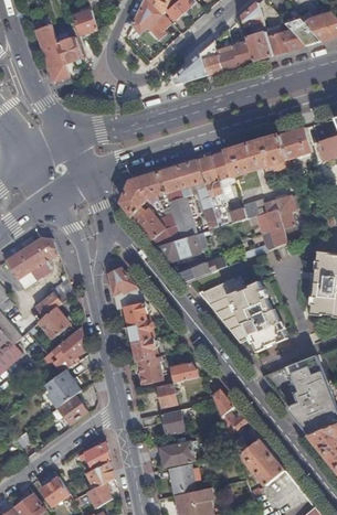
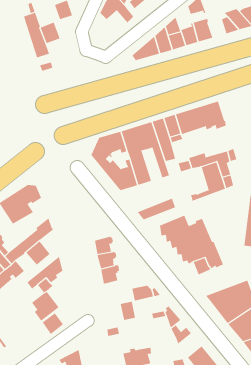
building: [264,24,287,55] -> none
building: [278,126,310,158] -> none
building: [156,234,198,257] -> none
building: [107,267,146,308] -> none
building: [136,355,161,384] -> none
building: [160,406,190,432] -> none

